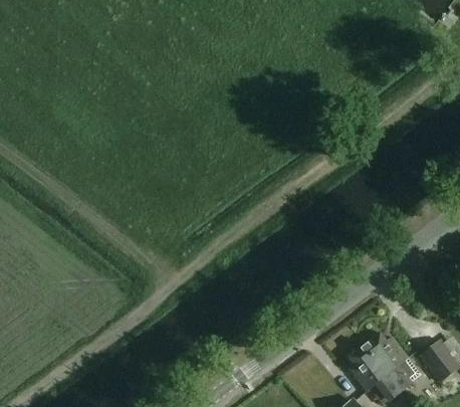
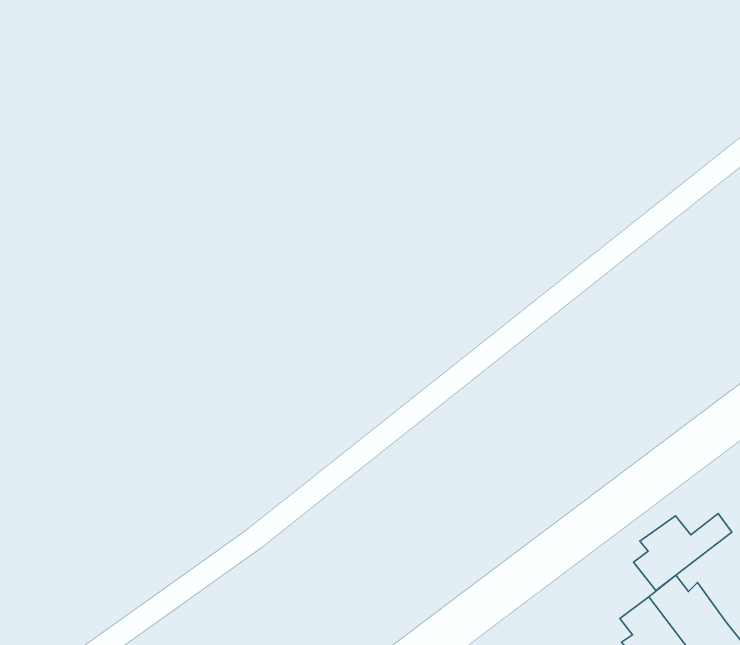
building: none -> [634,514,732,591]

